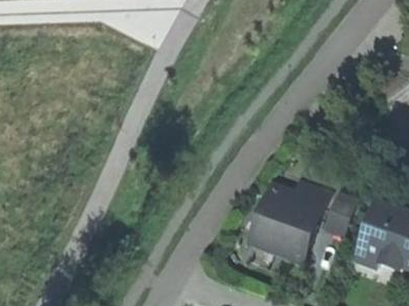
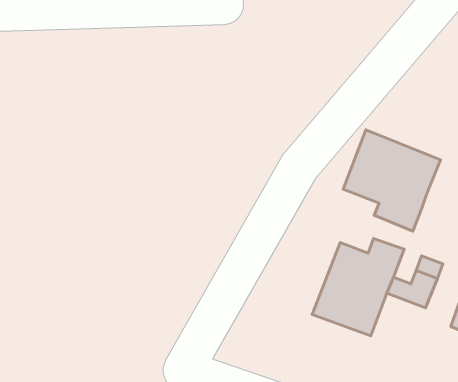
building: none -> [343,130,441,231]

